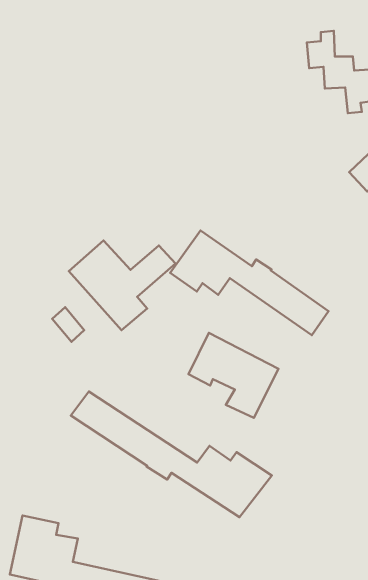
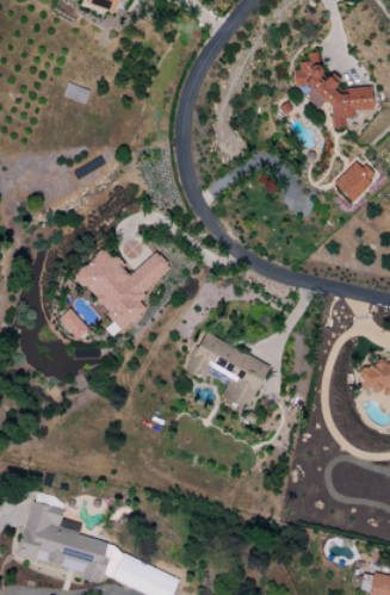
building: [170,230,329,335] -> none
building: [71,391,272,517] -> none

